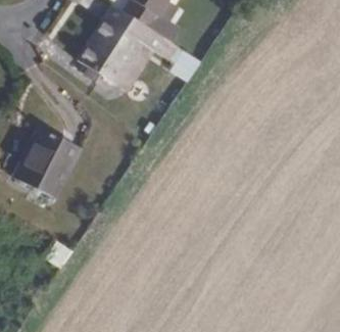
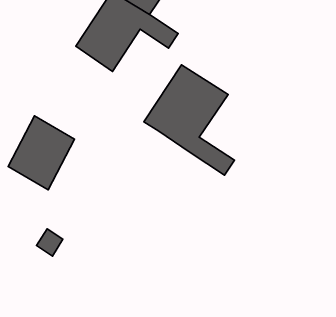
building: none -> [144,65,235,175]

